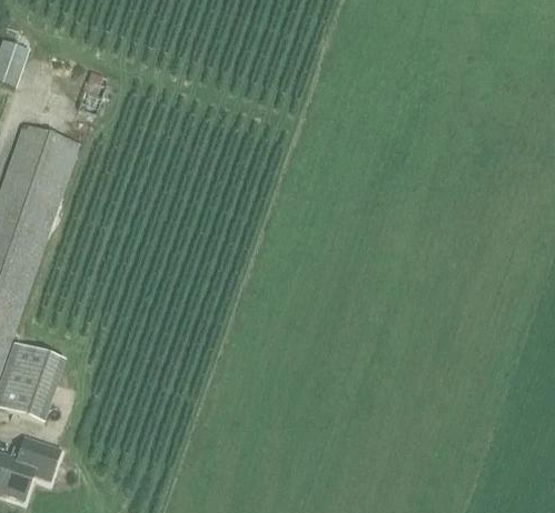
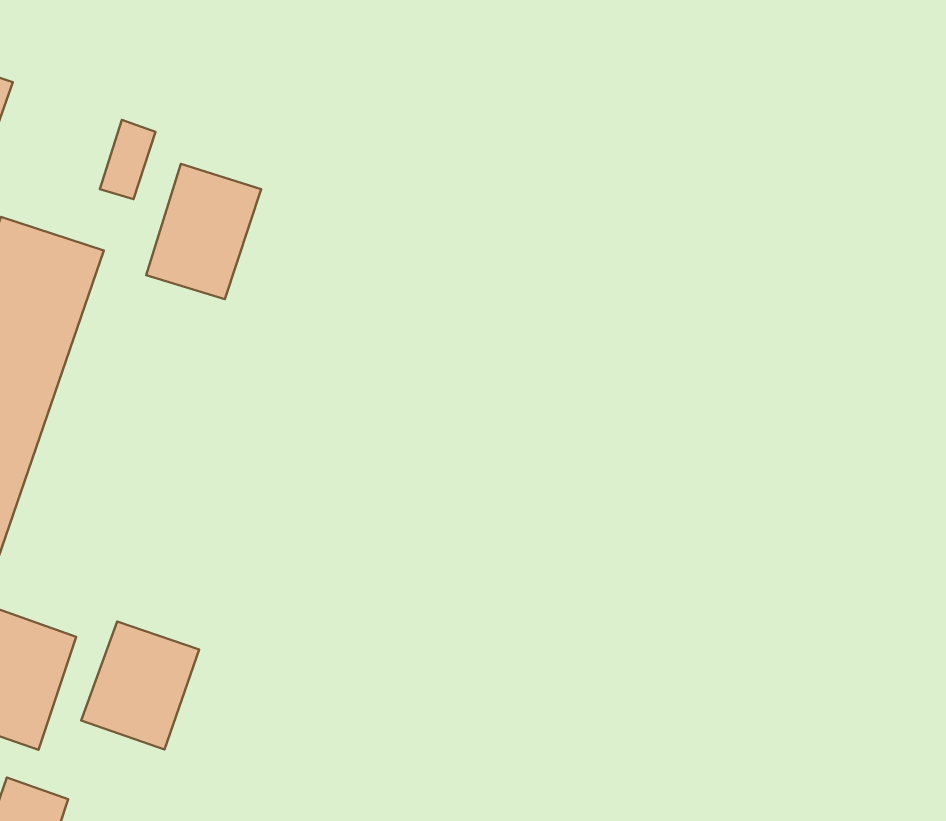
building: none -> [146,164,261,299]
building: none -> [81,621,199,750]

